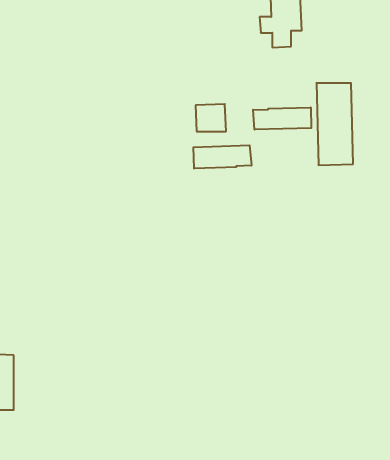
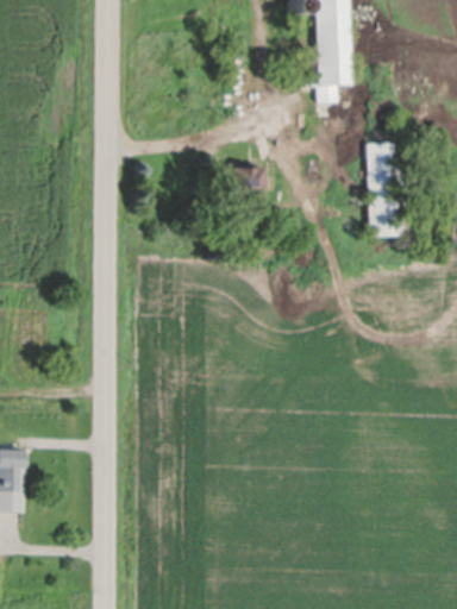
building: [253,107,311,130] -> none
building: [193,145,251,169] -> none

